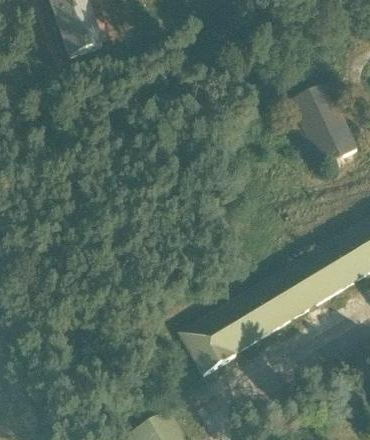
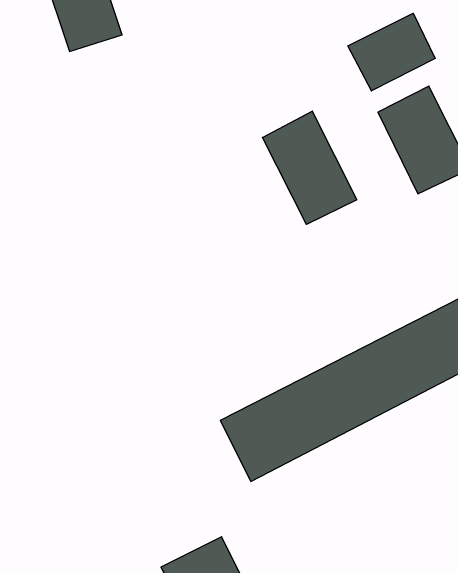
building: none -> [348,13,435,91]
building: none -> [262,111,357,224]

